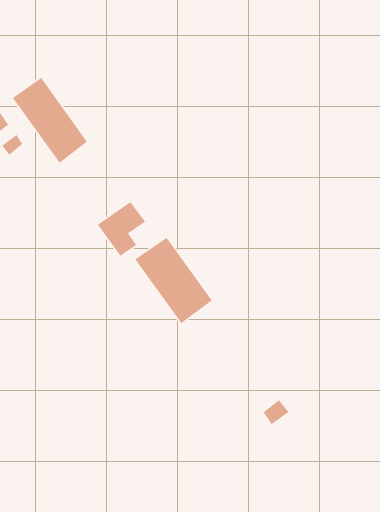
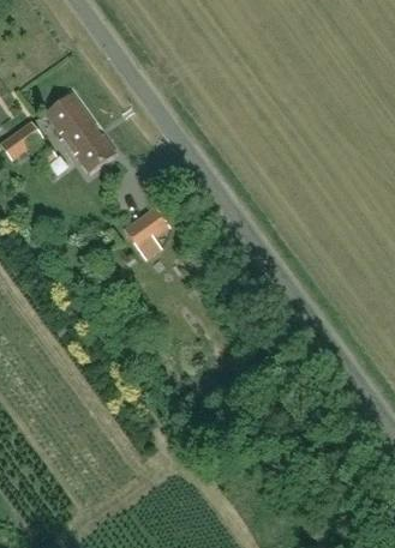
building: [134,237,213,324] -> none

